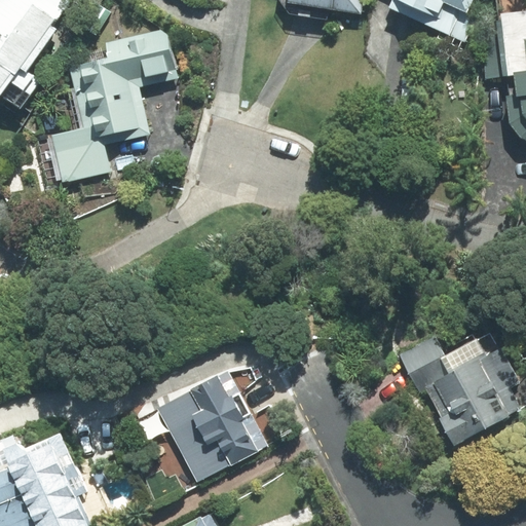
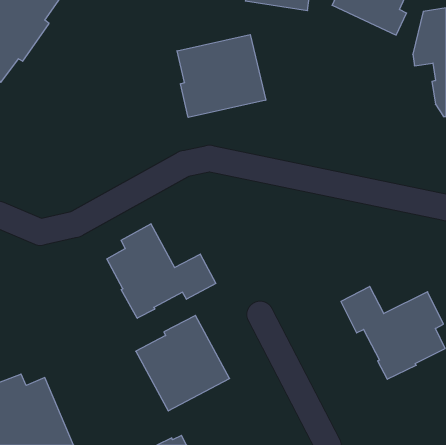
building: [52,31,162,181] -> none
building: none -> [177,35,266,117]
building: none -> [107,224,216,318]

